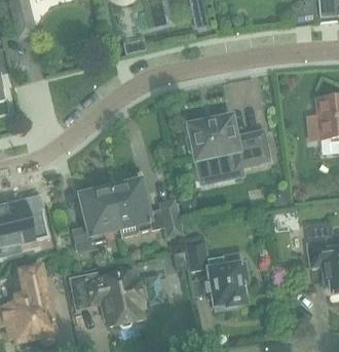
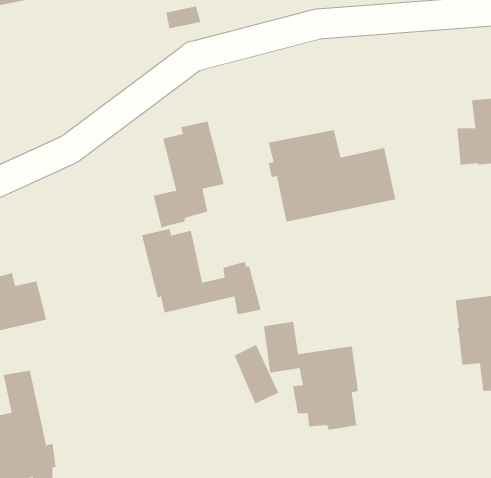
building: [73,183,118,250] -> [153,121,224,228]
building: [69,270,163,326] -> none

